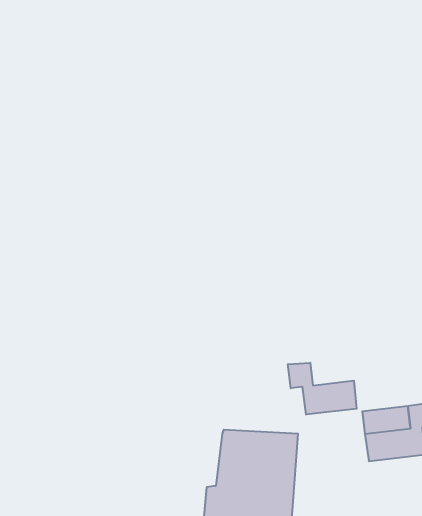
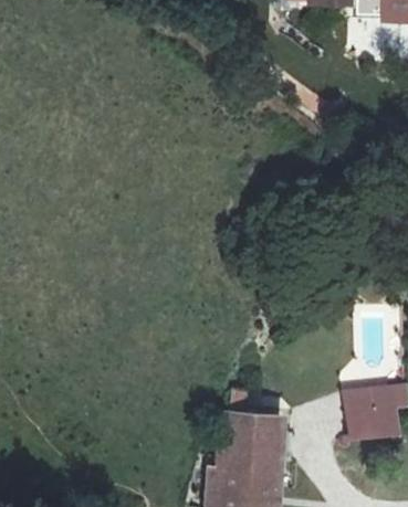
building: [288,363,357,415] -> none

